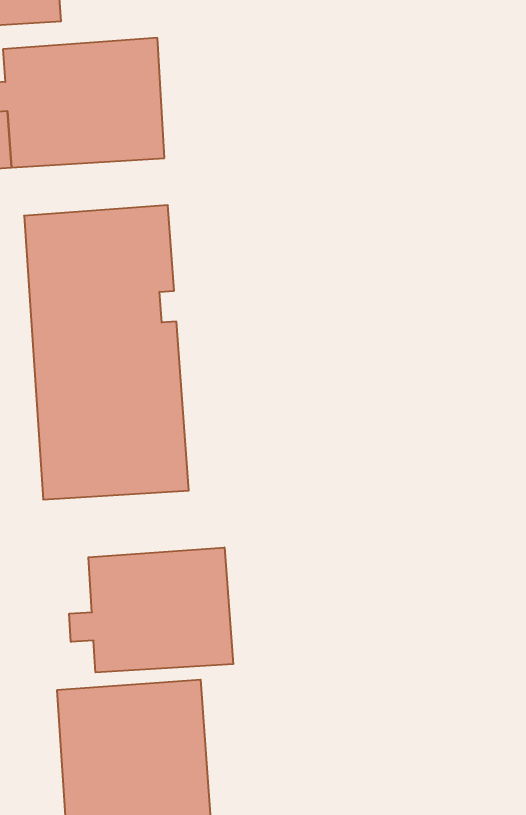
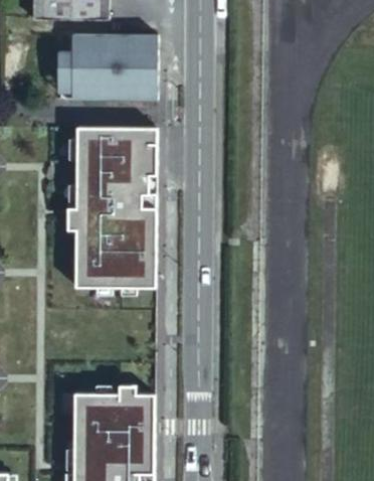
building: [69,547,233,672] -> none

